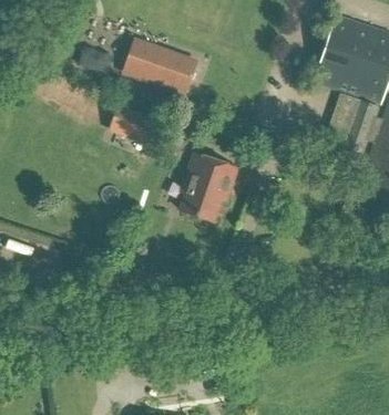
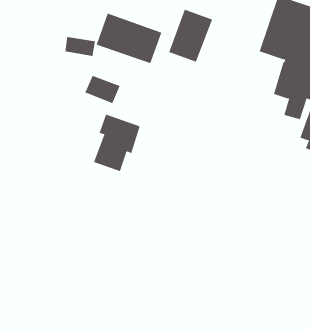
building: none -> [169,9,213,63]
building: [182,153,237,220] -> [93,114,140,172]

